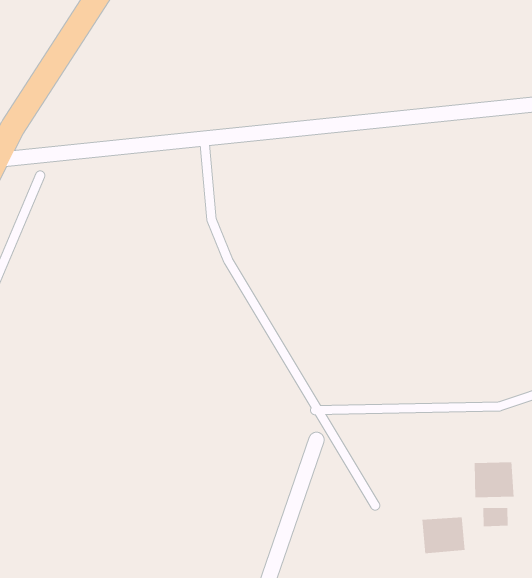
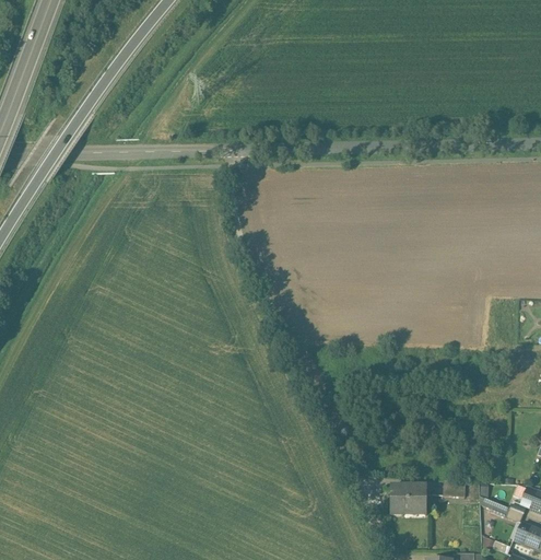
building: [474,461,514,498] -> none

